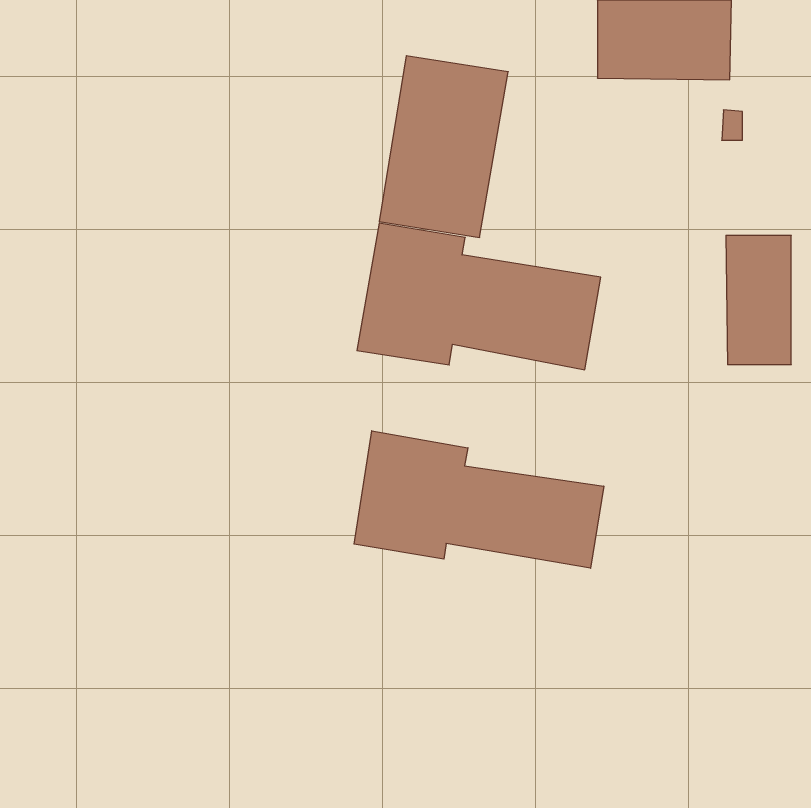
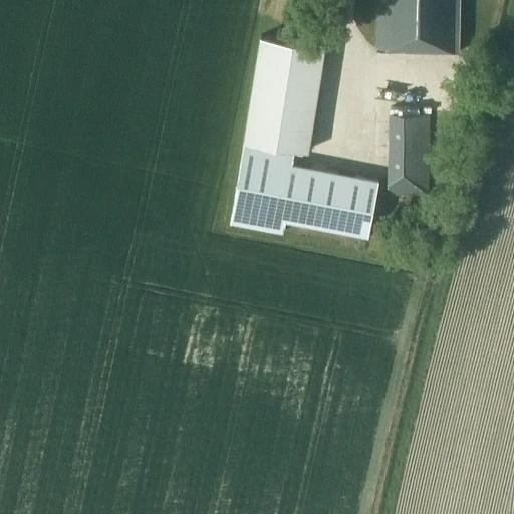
building: [726,235,791,365] -> [390,115,431,197]
building: [354,431,604,568] -> none

